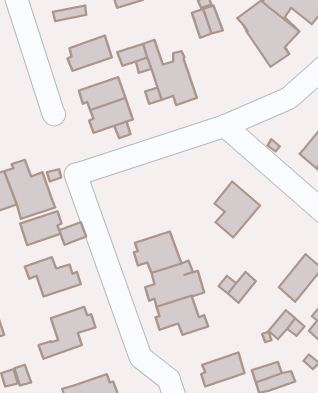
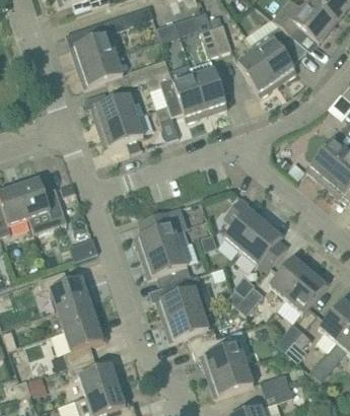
building: none -> [70,32,116,65]
building: none -> [236,49,278,95]
building: none -> [190,57,227,114]
building: none -> [134,210,188,256]
building: none -> [241,219,287,271]
building: [20,211,61,245] -> [56,296,96,330]
building: none -> [269,253,312,299]
building: none -> [192,330,249,375]
building: none -> [67,356,119,396]

